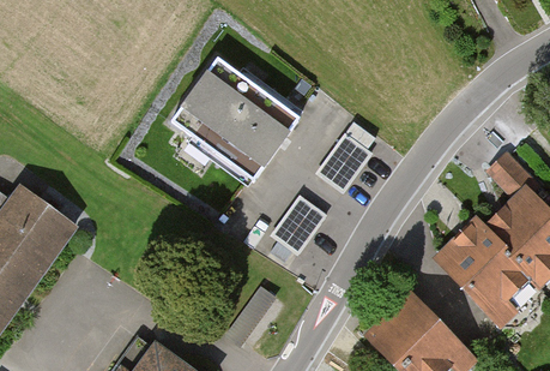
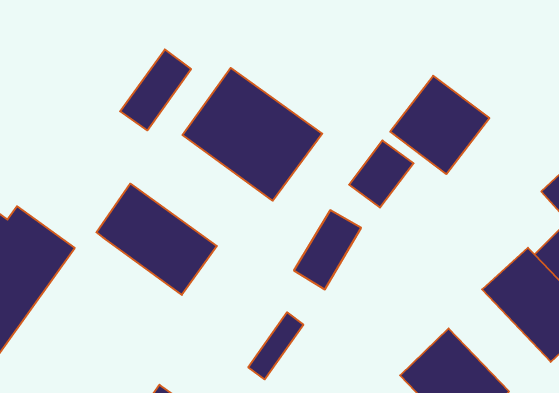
building: none -> [120,49,191,130]
building: none -> [390,76,489,174]
building: none -> [96,184,217,295]

